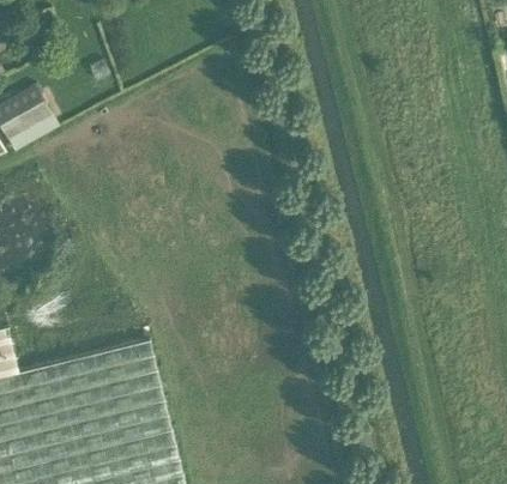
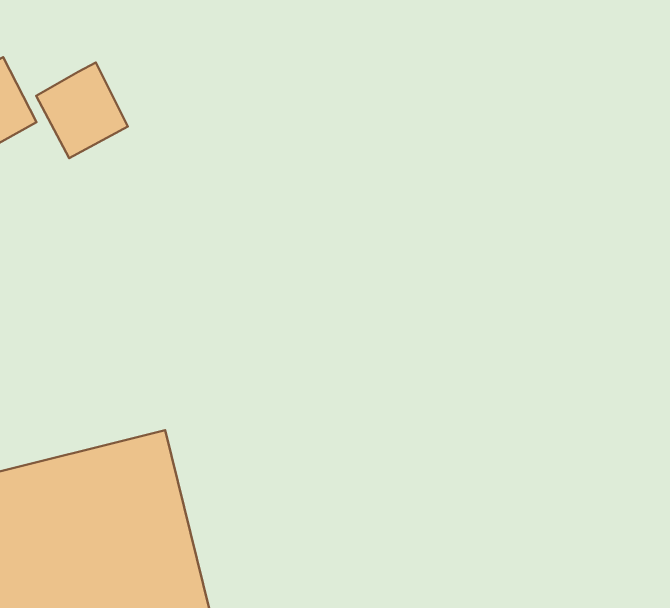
building: none -> [36,63,128,158]

